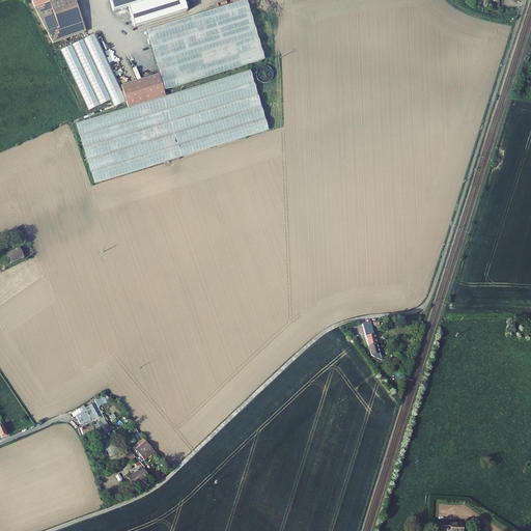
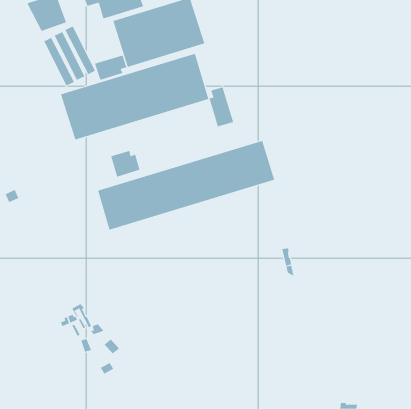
building: none -> [209,86,234,127]
building: none -> [98,140,275,231]
building: none -> [111,150,140,177]

